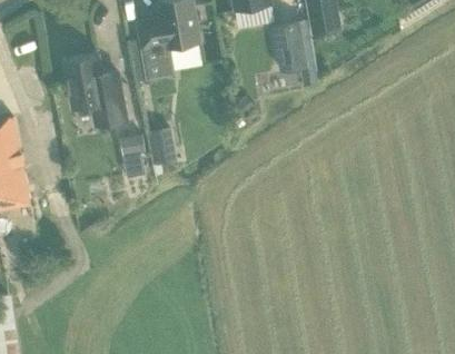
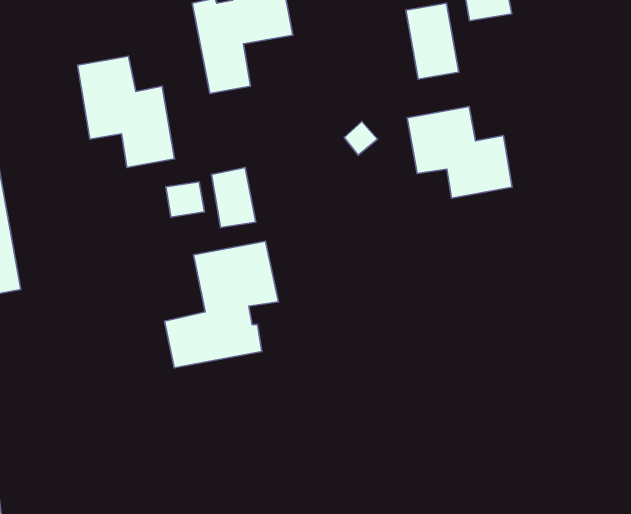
building: none -> [407,106,512,198]
building: none -> [164,241,279,368]

